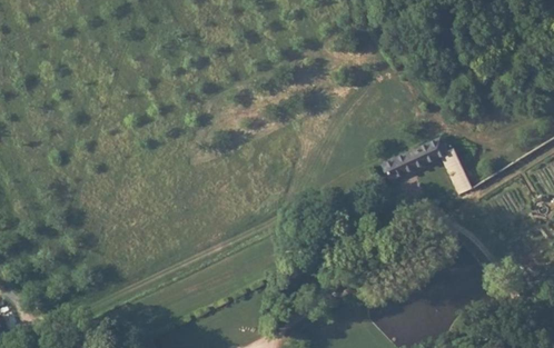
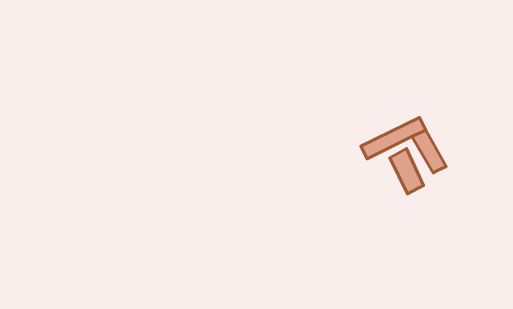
building: none -> [390,148,423,194]

